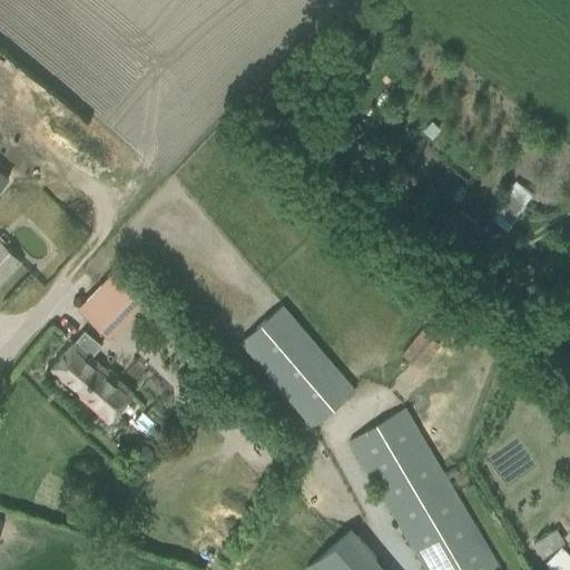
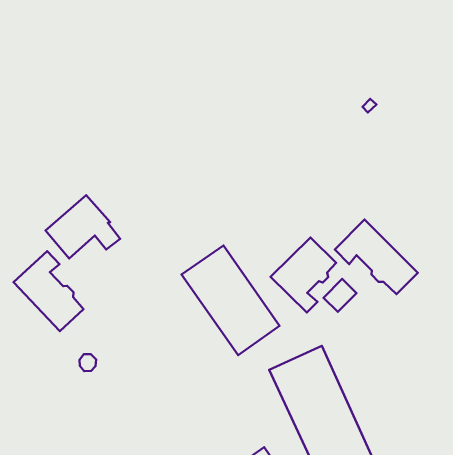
building: none -> [335,219,418,294]
building: none -> [271,237,336,312]

